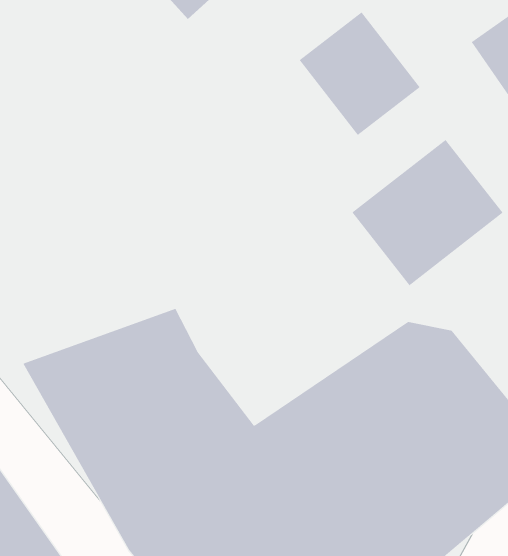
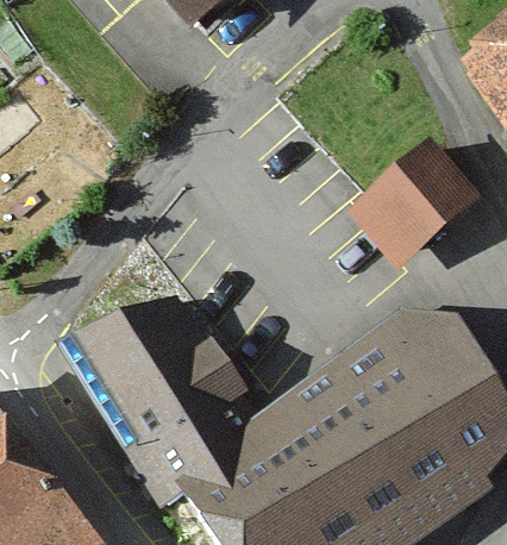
building: [299,12,420,136] -> none

